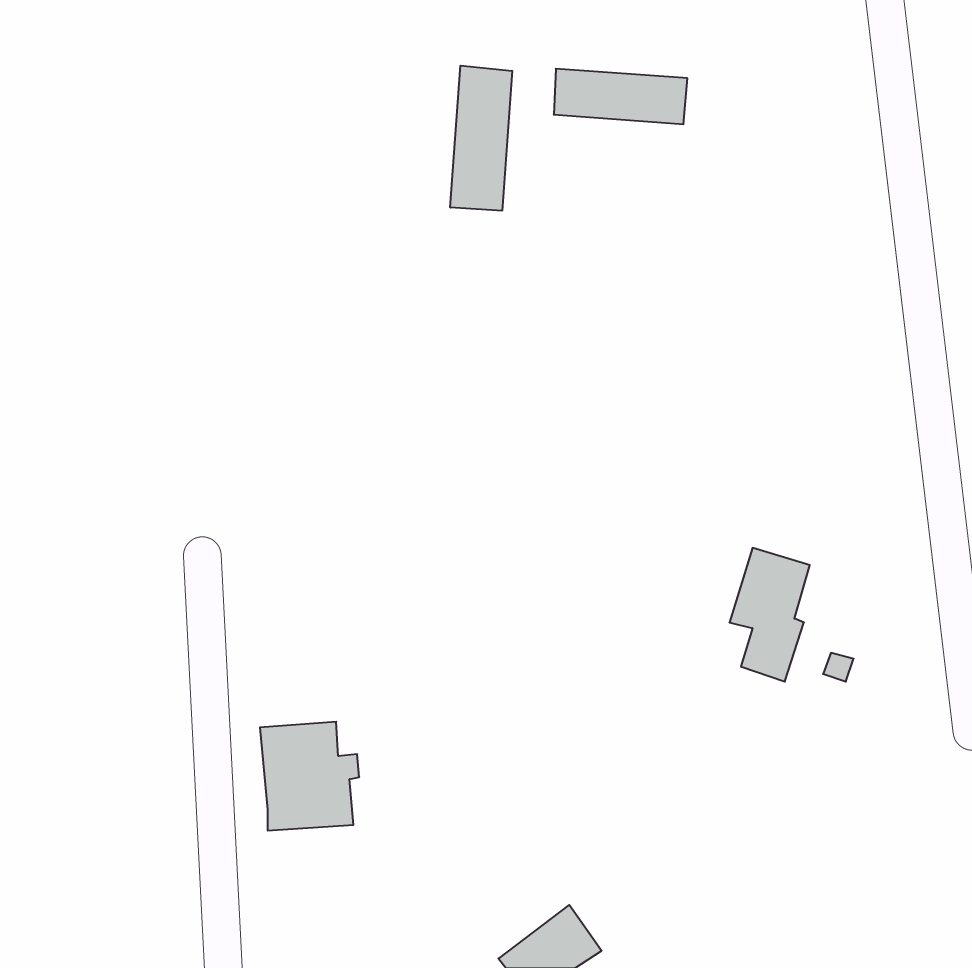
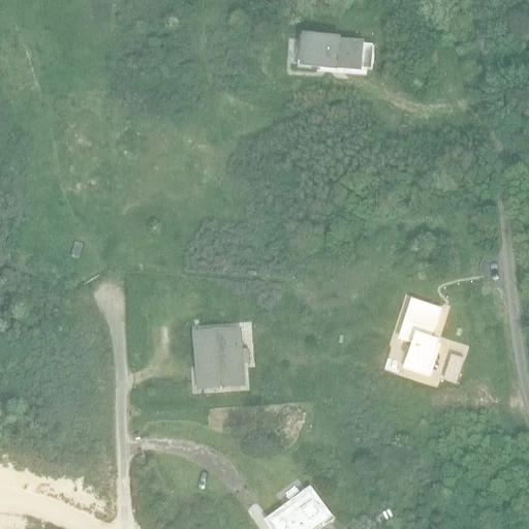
building: [450,66,512,211] -> none
building: [260,722,359,831] -> [194,329,248,387]

